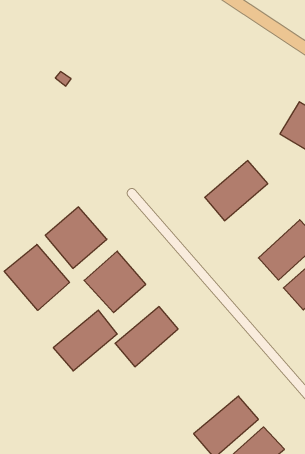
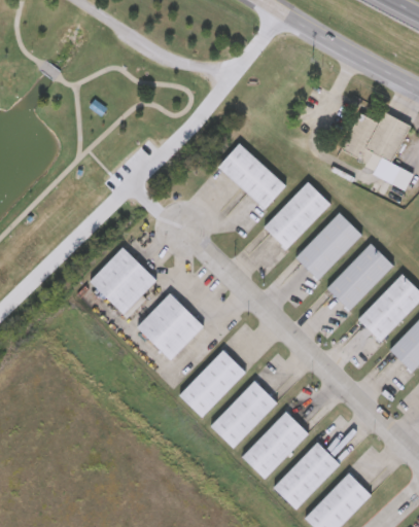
building: none -> [217,142,287,209]
building: none -> [295,212,363,280]
building: [4,244,69,310] -> none
building: [53,310,117,371] -> [208,379,277,448]
building: none -> [240,410,309,479]

